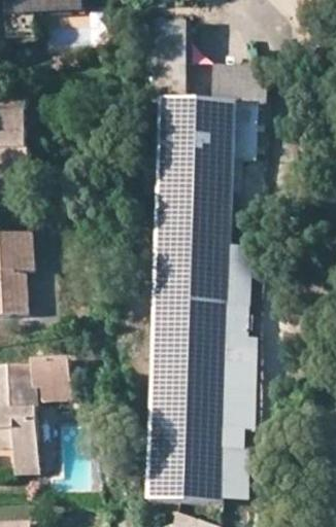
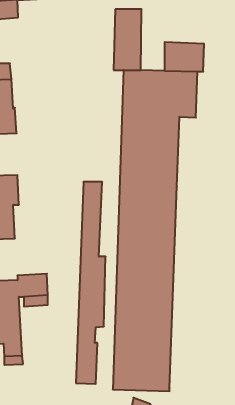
building: [221,246,258,499] -> [76,182,106,384]

